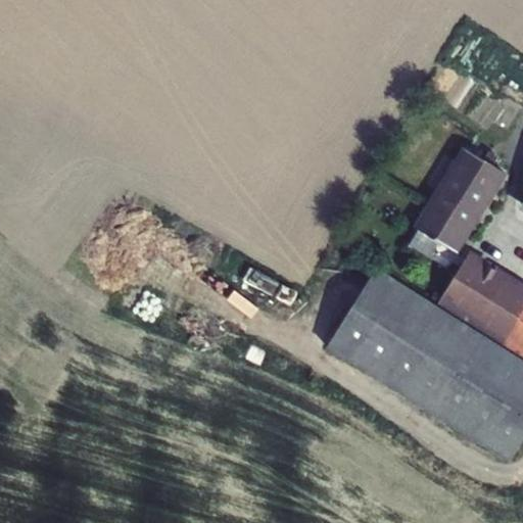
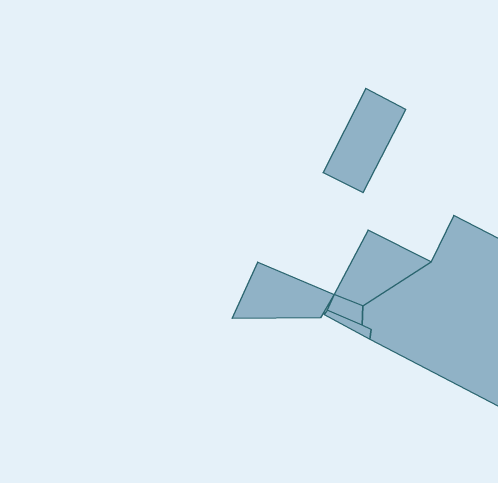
building: [416,154,501,254] -> [323,88,406,193]
building: none -> [232,262,334,318]

